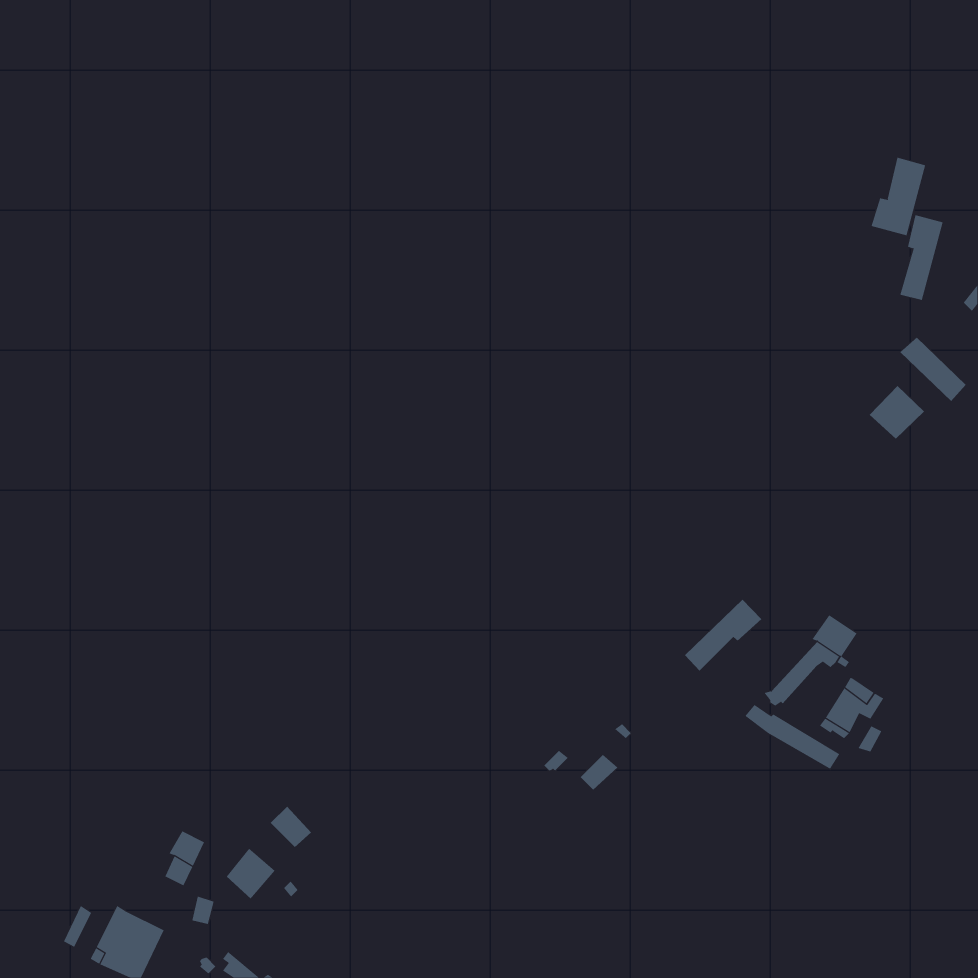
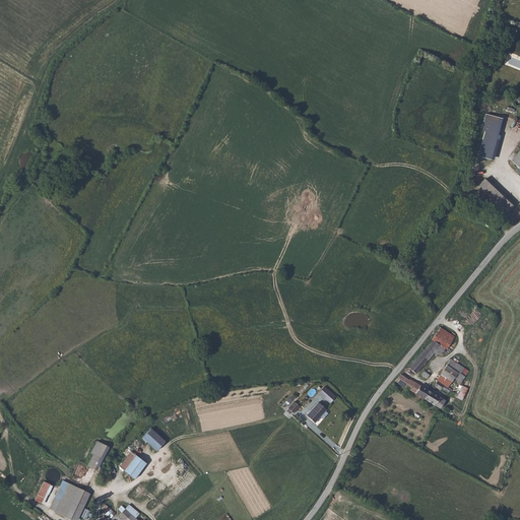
building: [871,157,926,236] -> none
building: [869,385,925,439] -> none
building: [684,599,762,672] -> none

